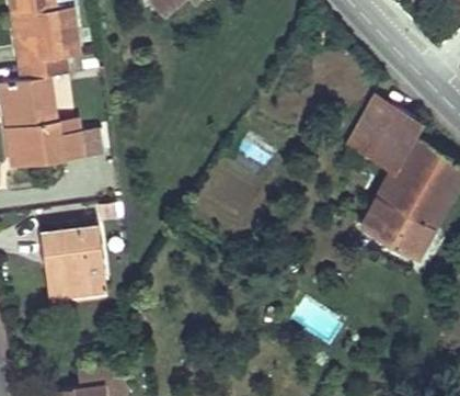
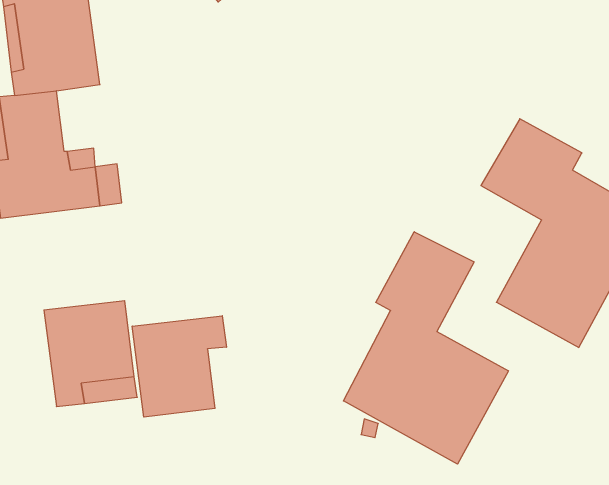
building: none -> [343,232,508,464]
building: none -> [132,316,226,417]

